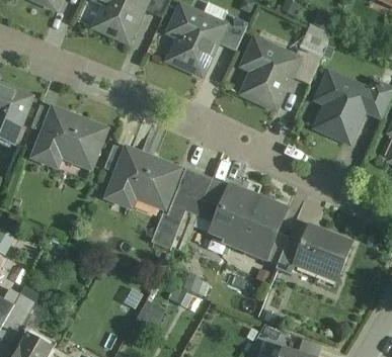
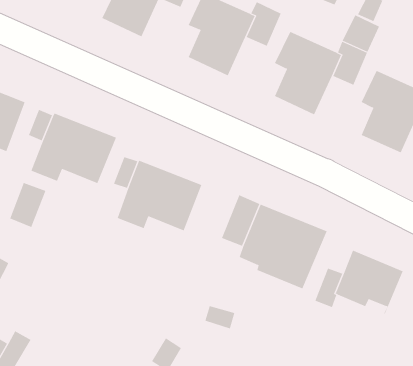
building: none -> [9,182,46,228]
building: [150,167,211,249] -> none

